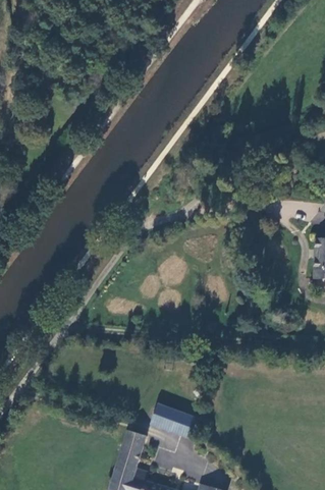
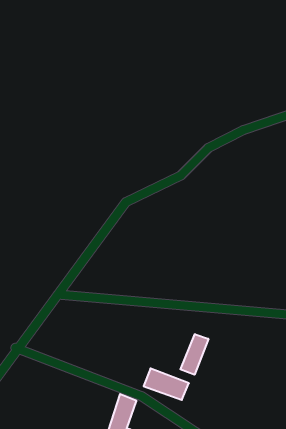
building: none -> [180,334,208,375]

